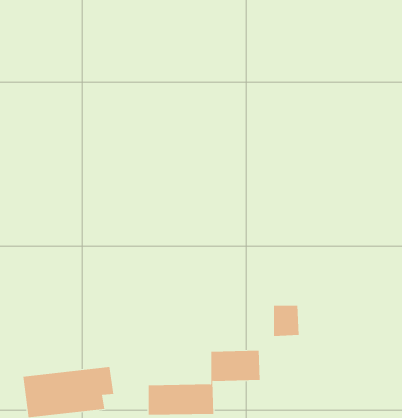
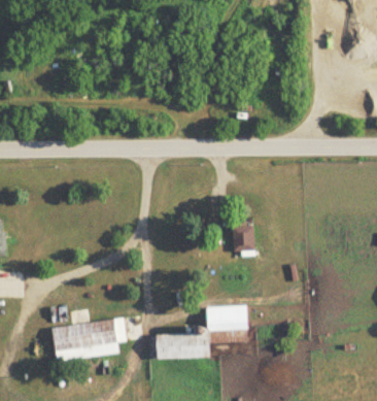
building: [273,305,299,336] -> [233,226,254,252]

